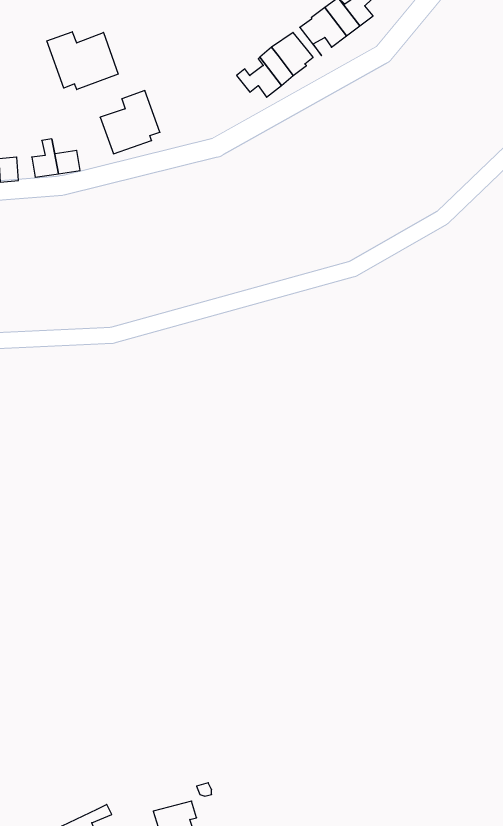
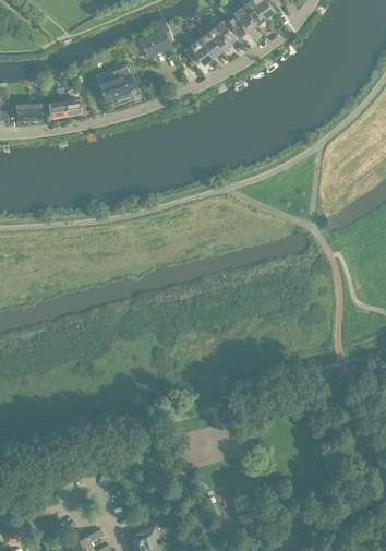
building: [47,32,118,90] -> none
building: none -> [143,25,170,57]

